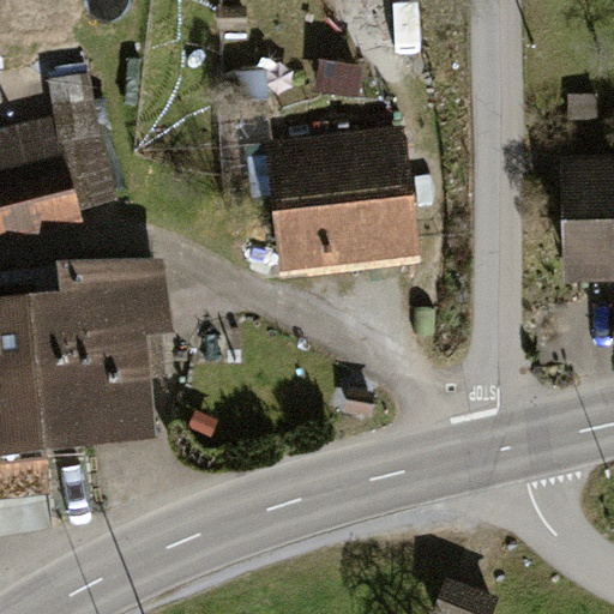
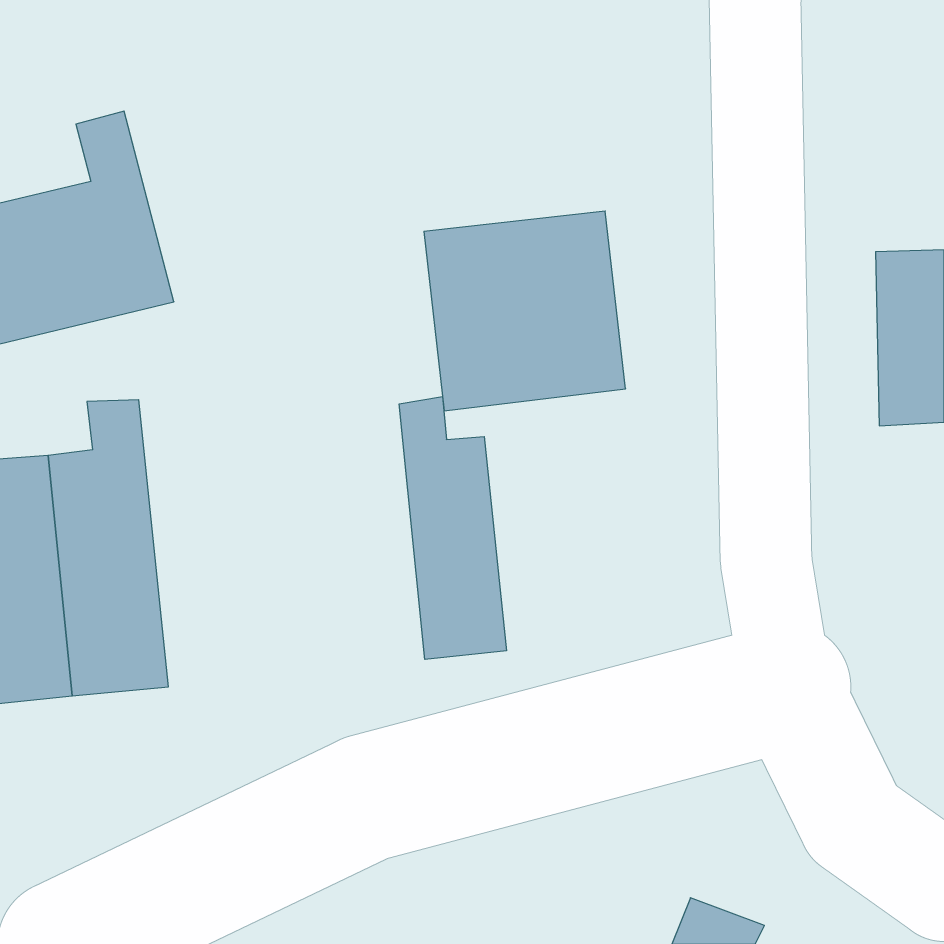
building: none -> [399,396,506,659]
building: [90,258,175,445] -> none

